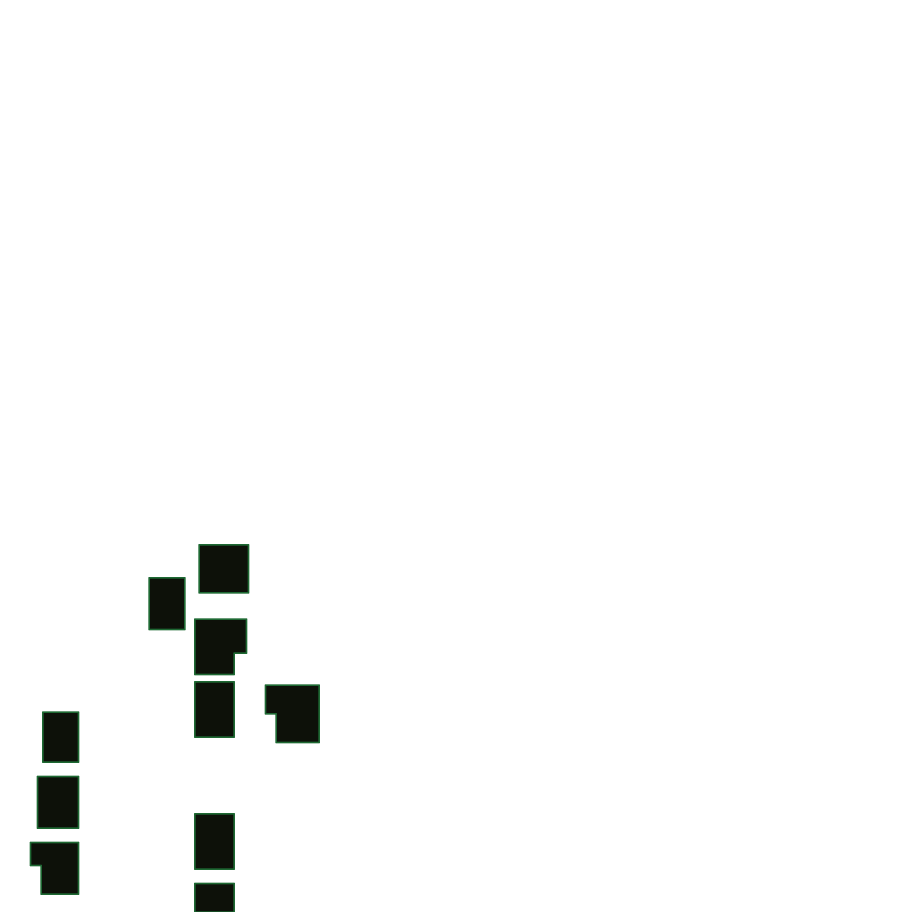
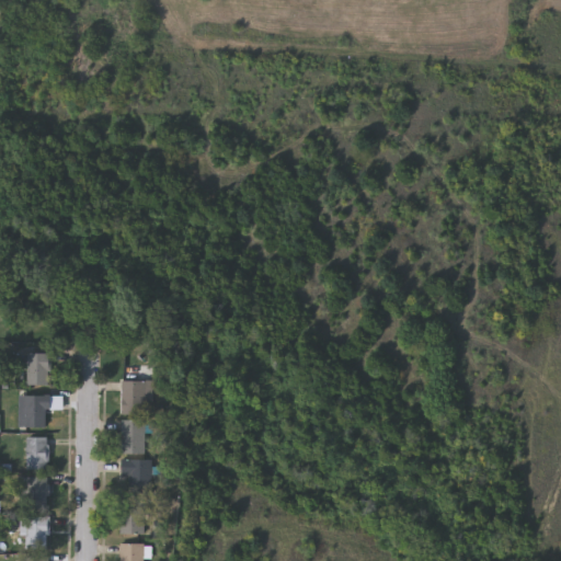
building: [199,545,248,593] -> none
building: [149,578,185,630] -> [27,353,49,385]
building: none -> [19,394,49,426]
building: [265,685,319,742] -> [121,459,153,494]

